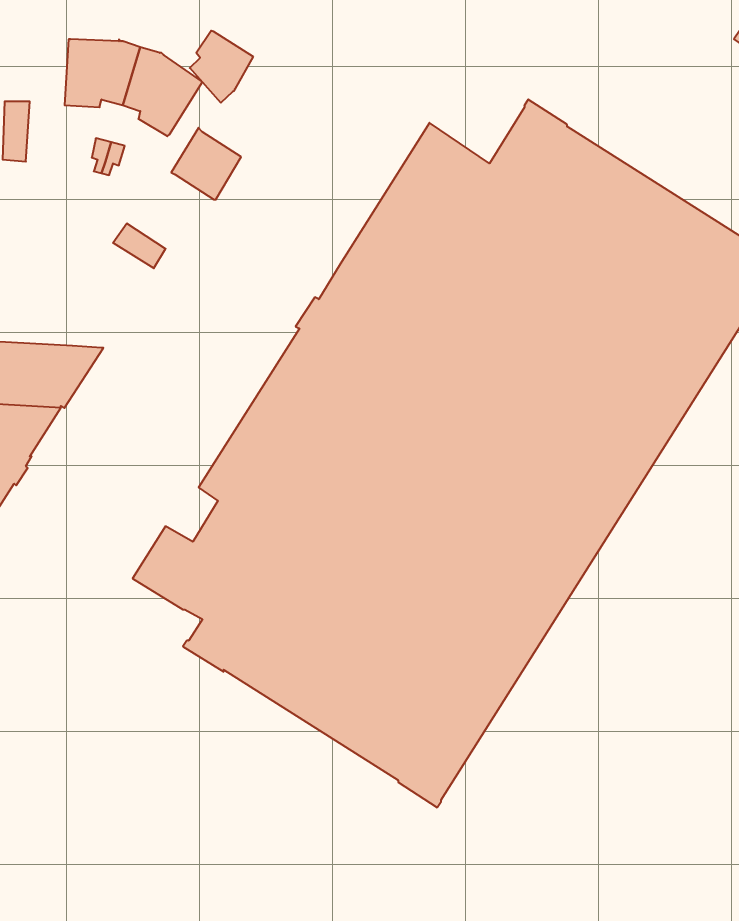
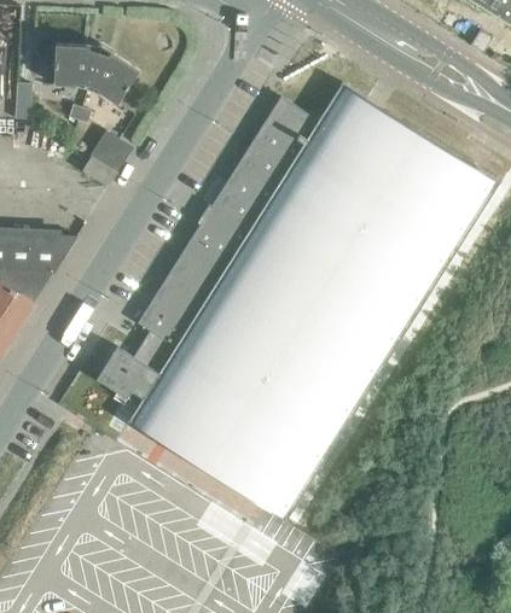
building: [190,31,253,103] -> none
building: [171,128,241,200] -> [89,129,133,174]

